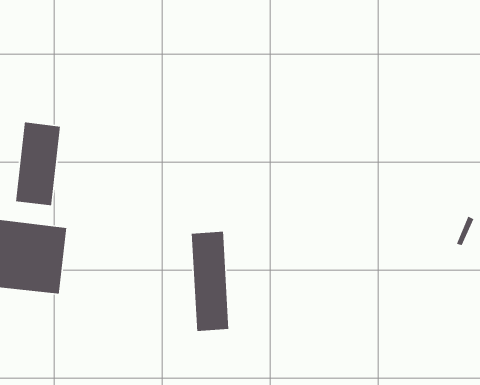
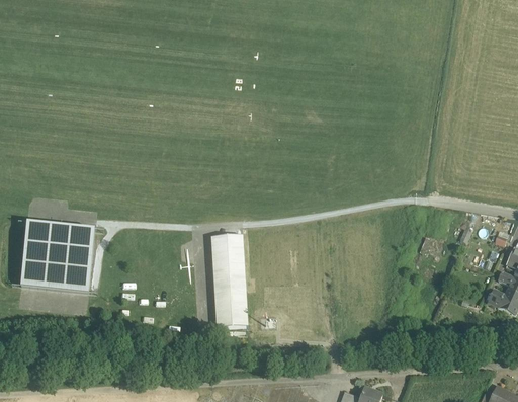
building: [15,122,61,206] -> none

